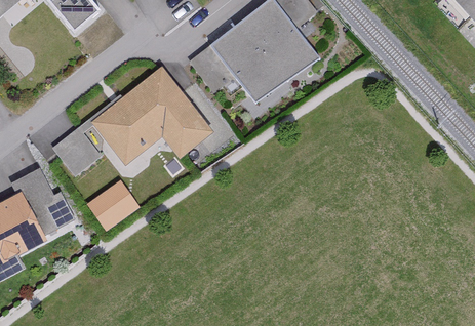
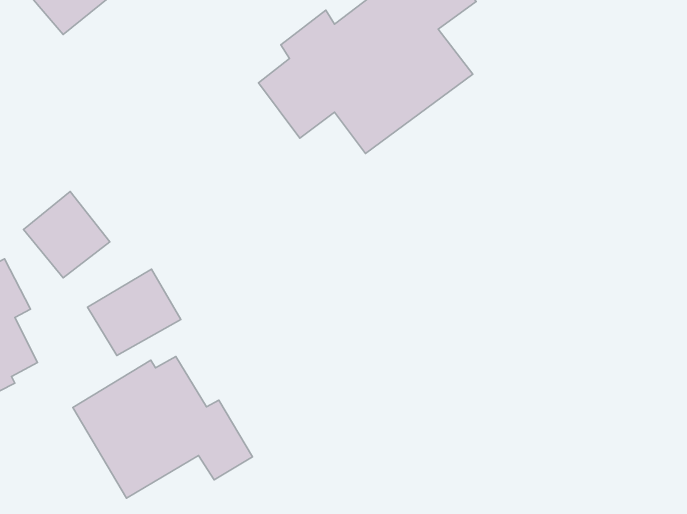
building: [92,67,214,165] -> none
building: none -> [73,356,253,498]

